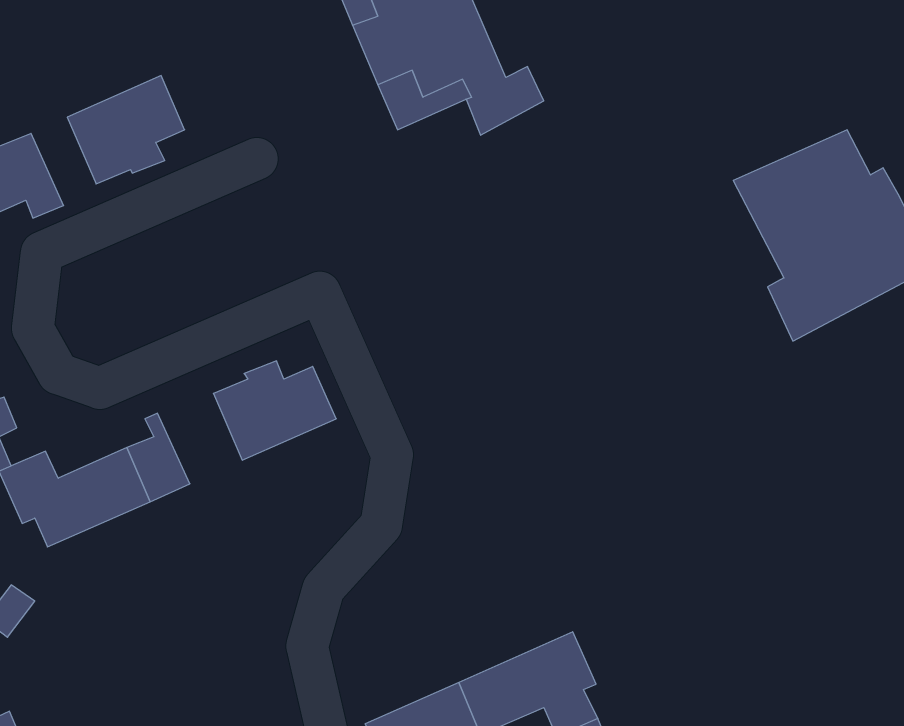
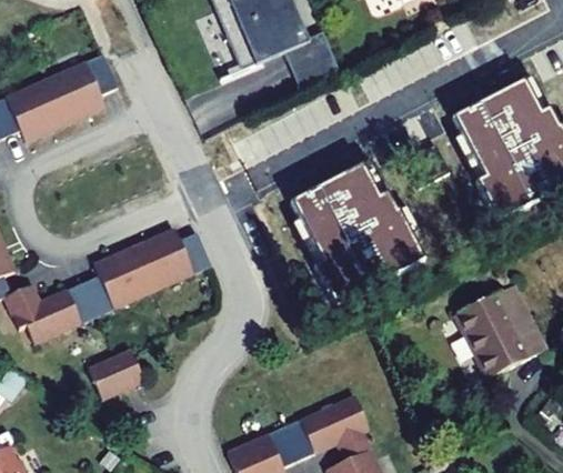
building: none -> [23,78,63,132]
building: none -> [291,167,422,301]
building: none -> [101,248,153,303]
building: none -> [455,284,546,378]
building: none -> [88,349,143,397]

